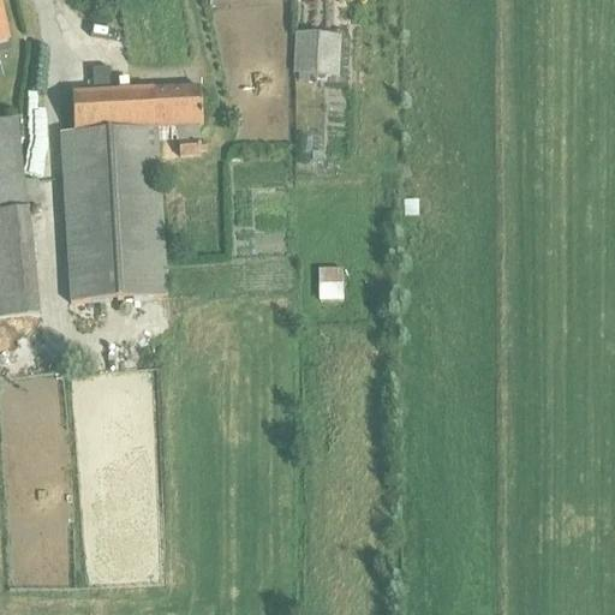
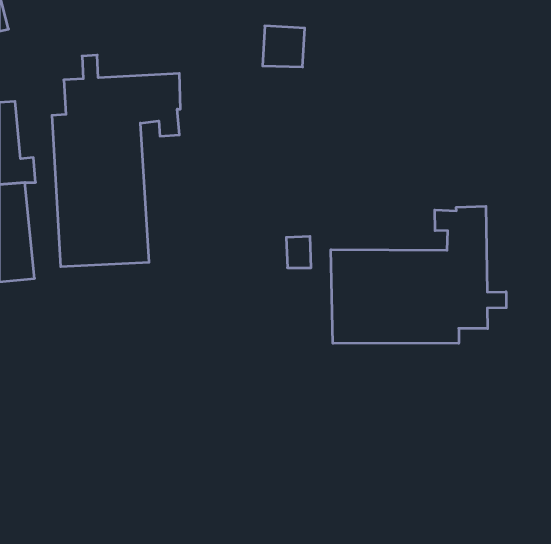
building: none -> [331,206,506,343]

